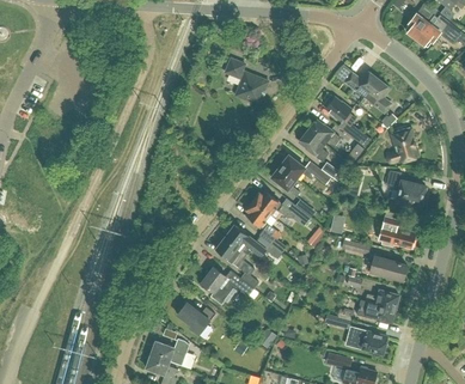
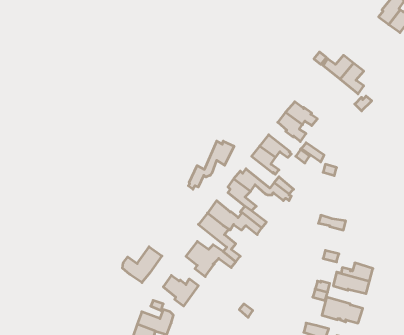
building: [225,59,269,105] -> none
building: [325,97,363,142] -> none
building: [386,127,418,164] -> none
building: none -> [188,141,234,189]
building: [386,169,427,207] -> none
building: [383,217,416,248] -> none
building: [371,256,408,281] -> none
building: none -> [122,247,162,283]

